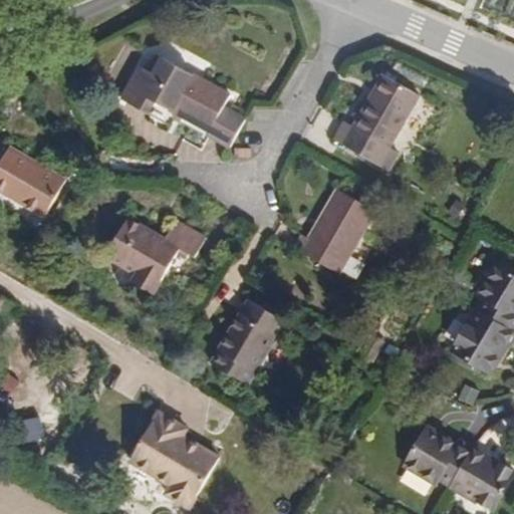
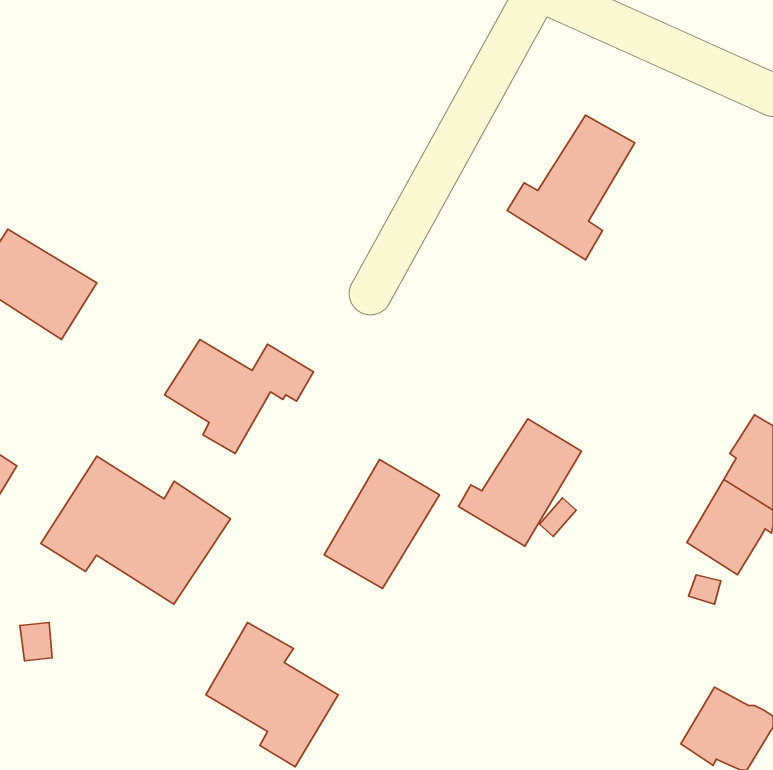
building: [123,51,245,143] -> none
building: [293,188,373,271] -> [459,419,582,546]
building: none -> [41,456,230,604]
building: [403,429,467,486] -> none

